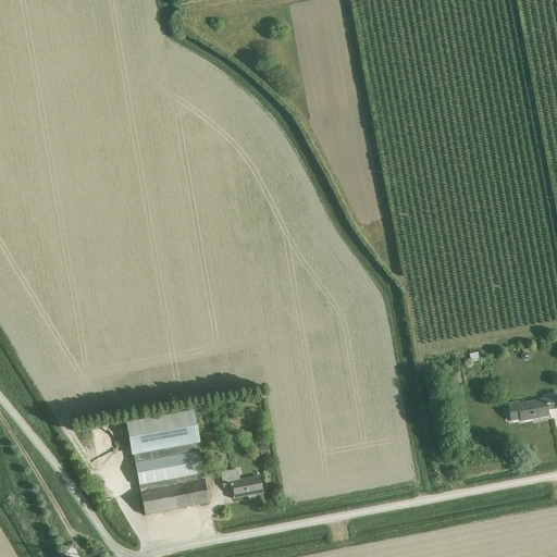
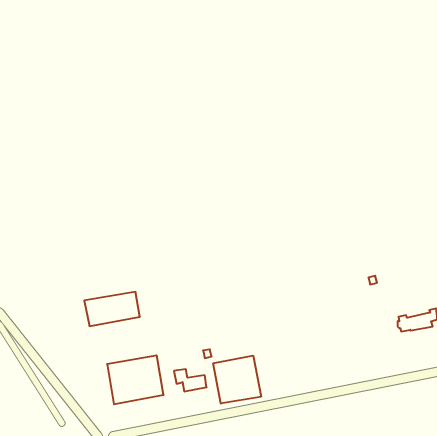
building: [127,410,198,454] -> [84,292,140,326]
building: none -> [213,356,261,404]

